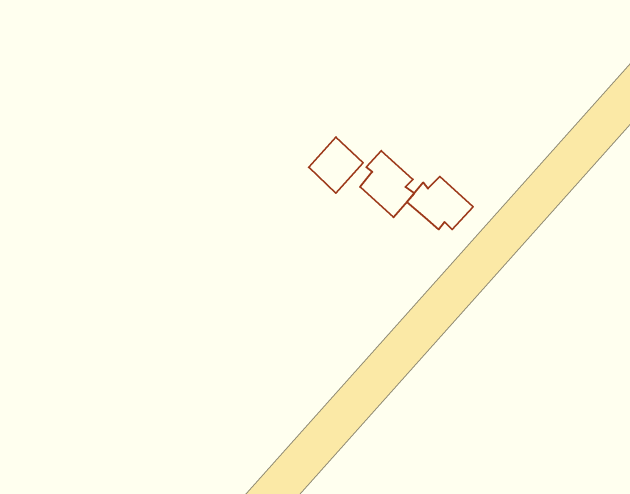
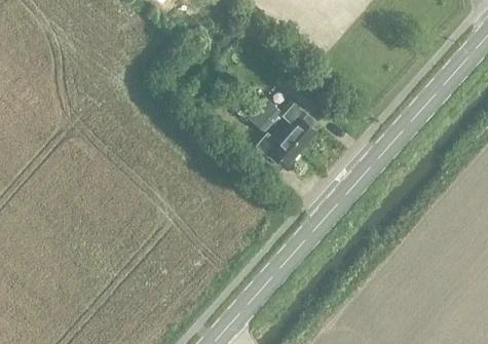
building: [407,177,473,229] -> [258,128,303,164]

